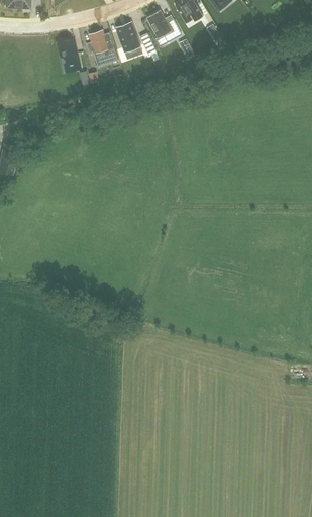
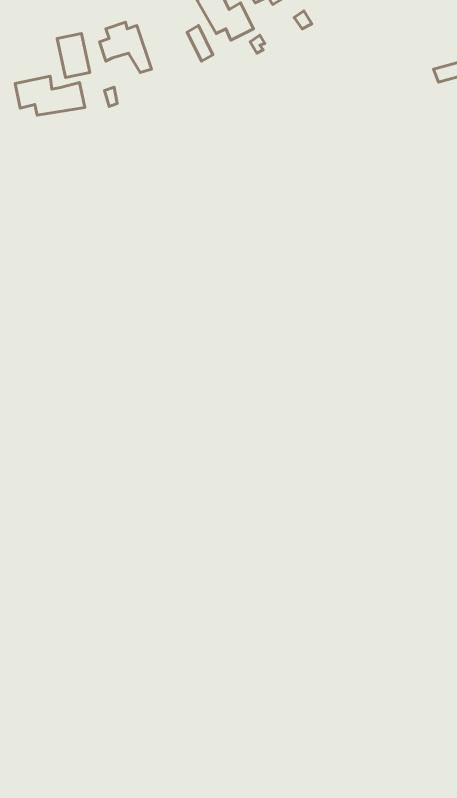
building: [115,22,139,50] -> none
building: none -> [15,76,85,115]

